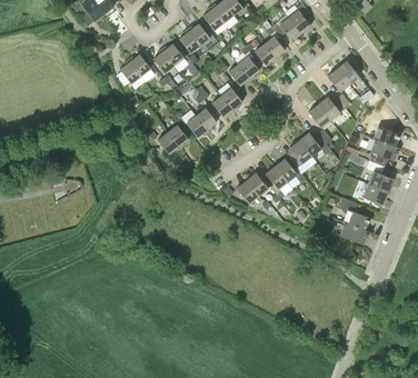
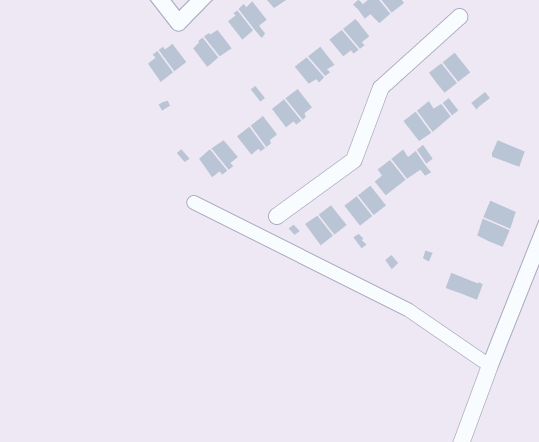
building: [370,138,399,166] -> none
building: [340,198,369,230] -> none

